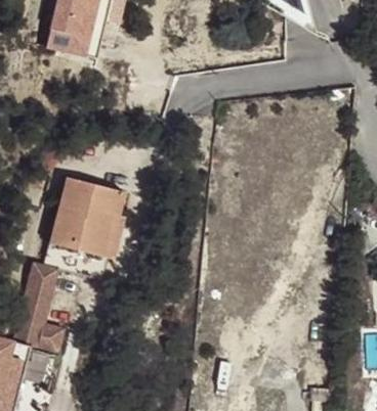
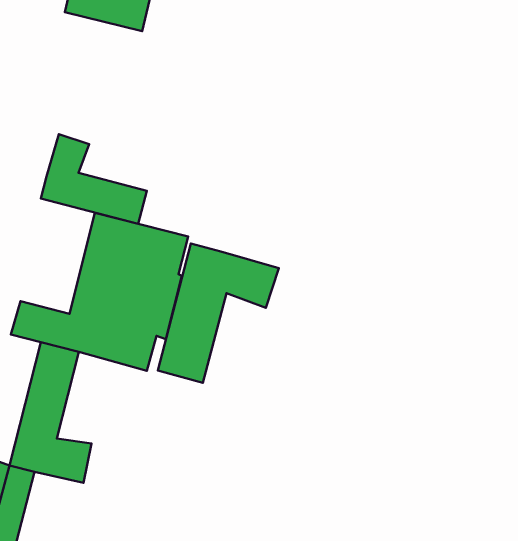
building: none -> [41,134,147,224]
building: none -> [158,243,279,383]

